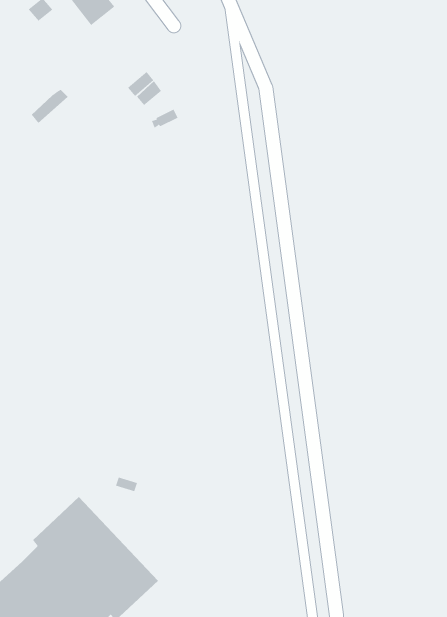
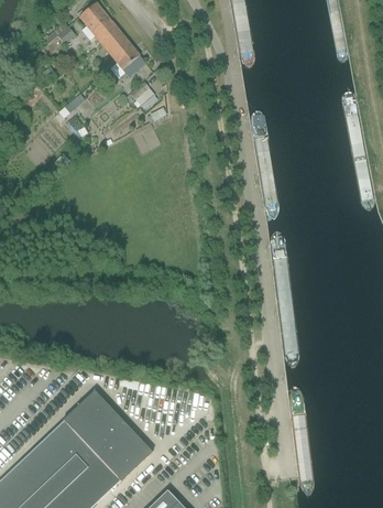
building: none -> [102,32,144,76]

